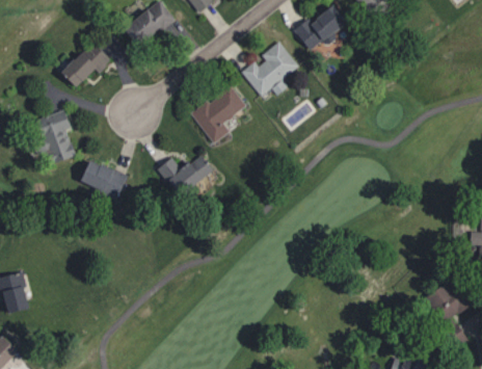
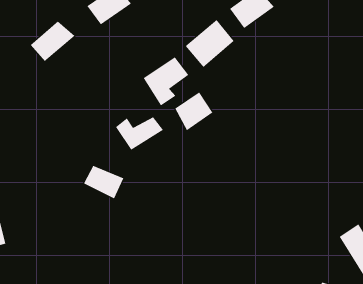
building: [35,109,77,165] -> none
building: none -> [175,92,213,131]
building: [77,160,126,201] -> [83,165,124,199]

